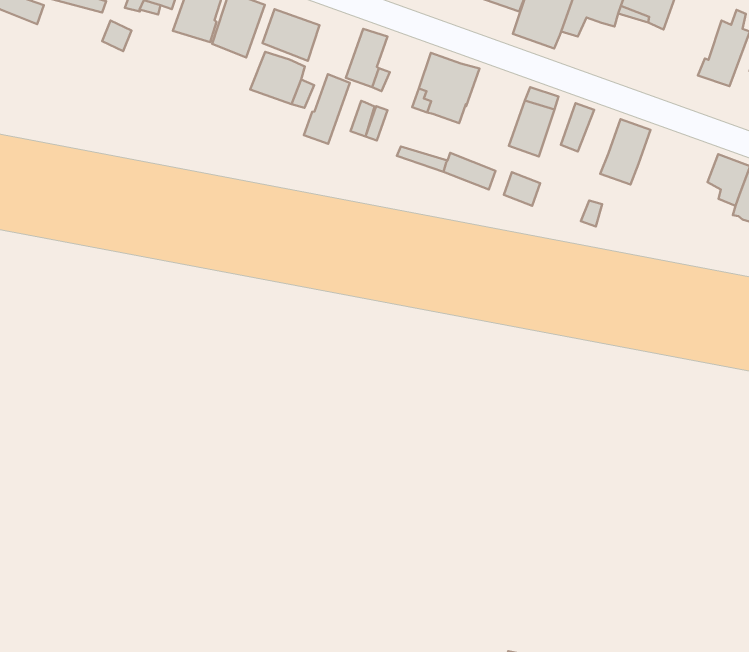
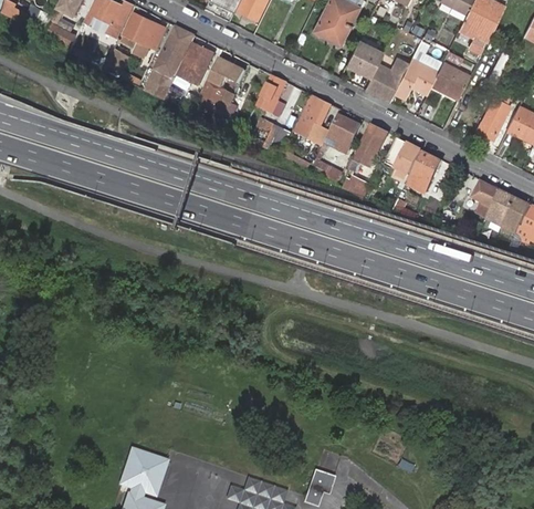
building: none -> [143,63,177,100]
building: [304,74,350,144] -> none
building: none -> [324,115,360,154]
building: none -> [395,144,422,176]

